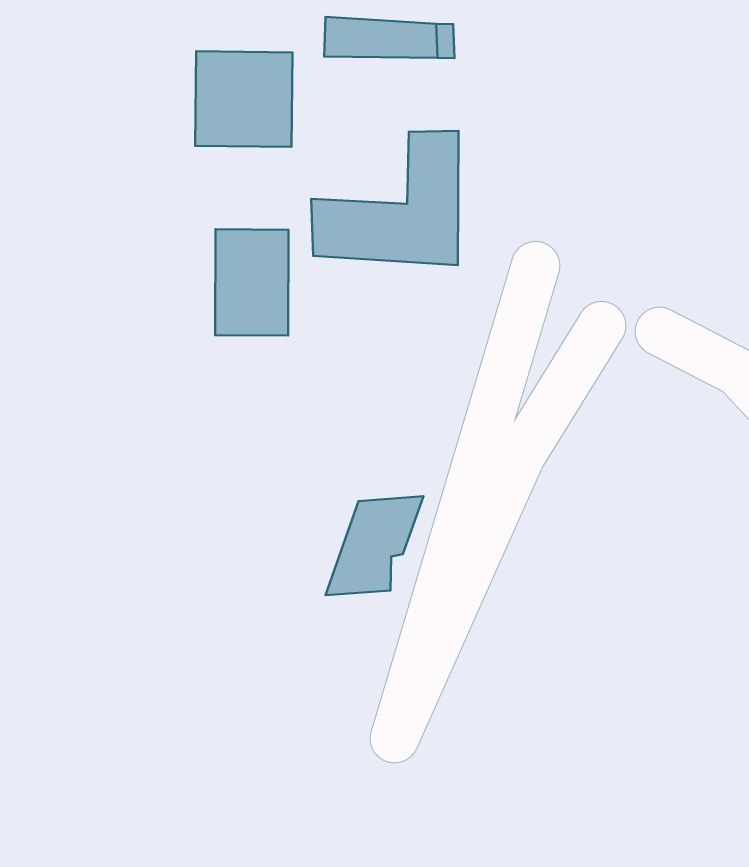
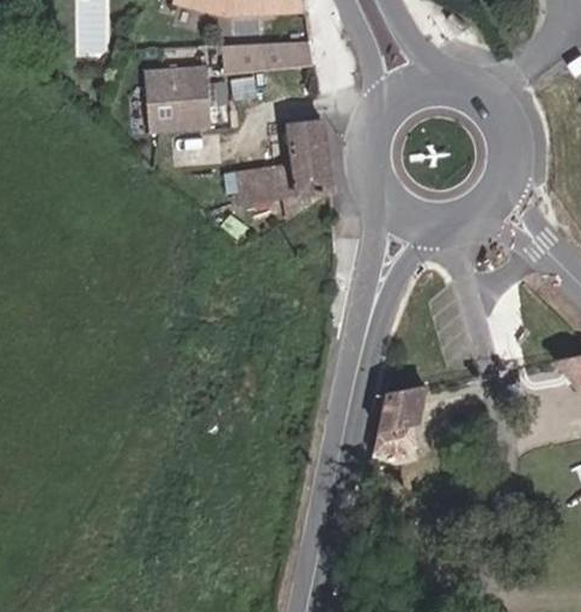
building: [215,229,288,336] -> none
building: [326,496,424,595] -> [369,385,423,455]

